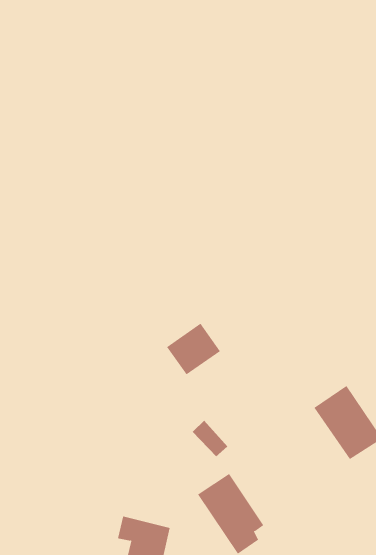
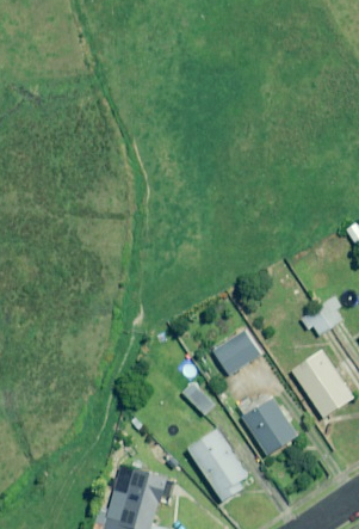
building: [166,323,221,375] -> [212,328,261,375]
building: none -> [301,295,341,334]
building: none -> [242,398,297,455]

